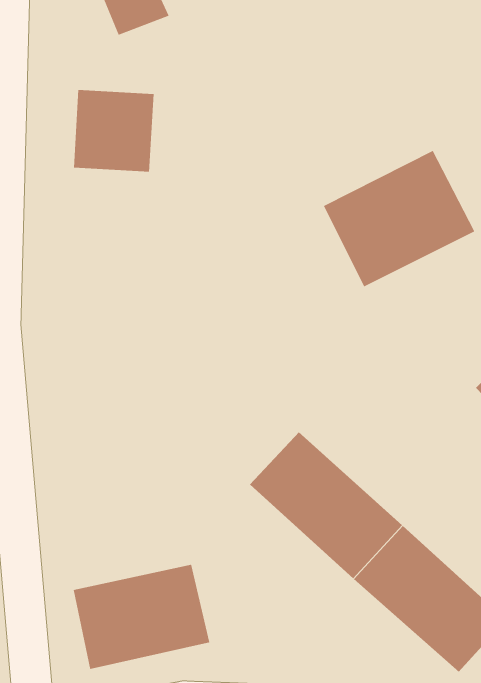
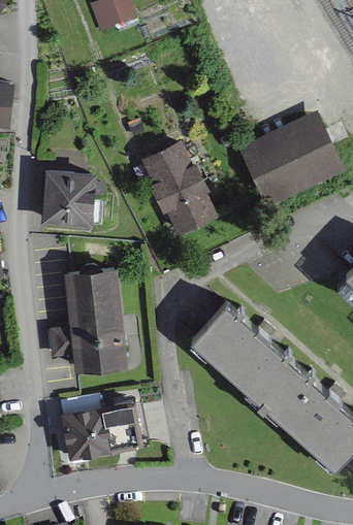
building: [73,89,154,172] -> [39,170,95,227]
building: none -> [139,145,217,242]
building: none -> [47,266,128,372]

